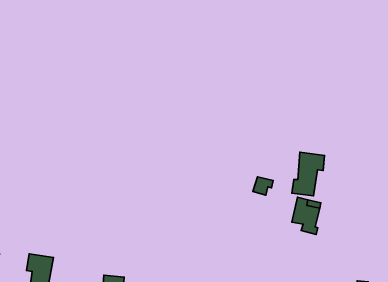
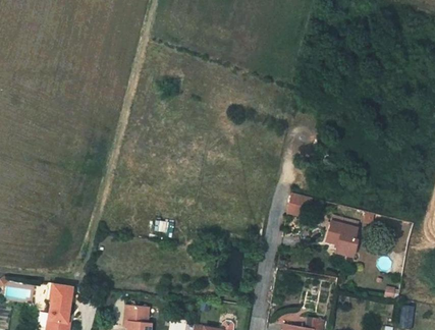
building: [292,152,324,196] -> none

